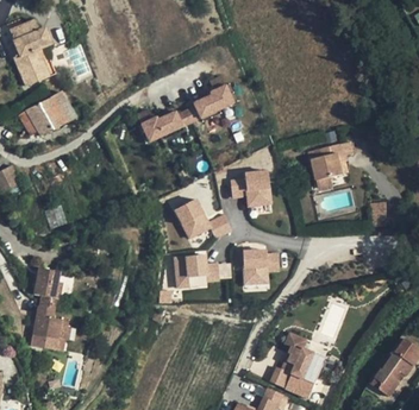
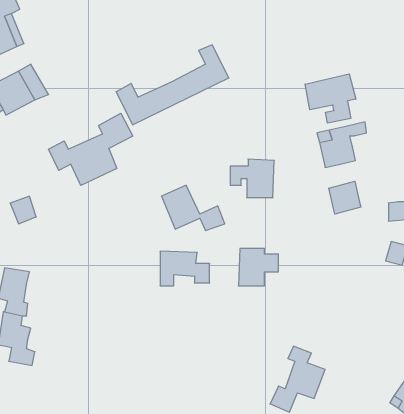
building: none -> [305,74,356,123]
building: none -> [49,113,133,185]
building: none -> [329,181,361,214]

